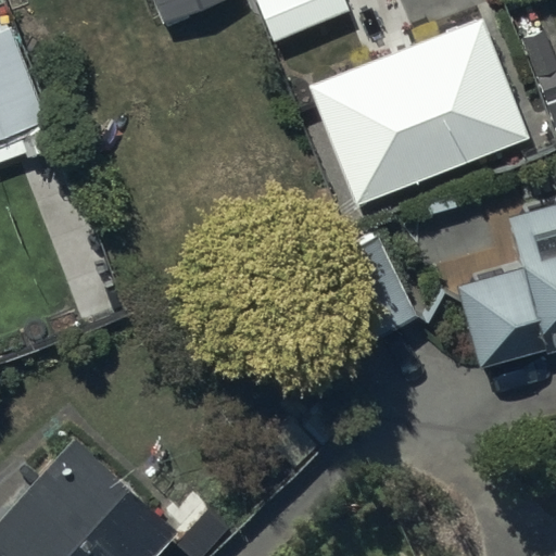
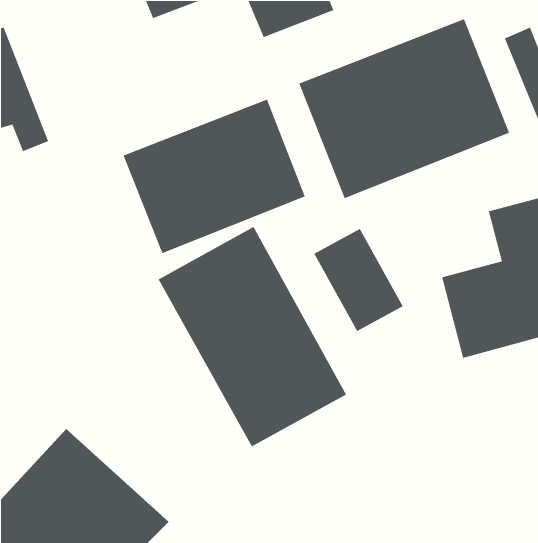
building: none -> [123,99,306,254]
building: none -> [157,226,347,448]

